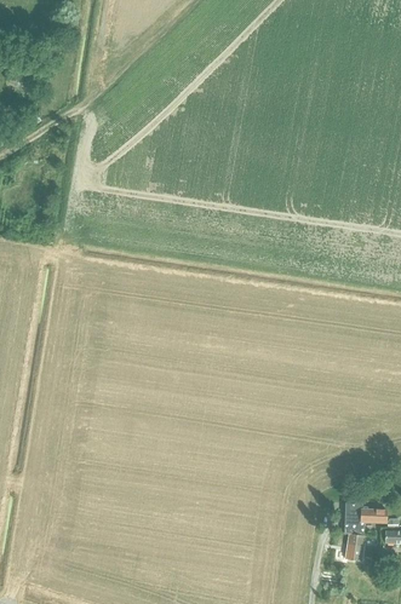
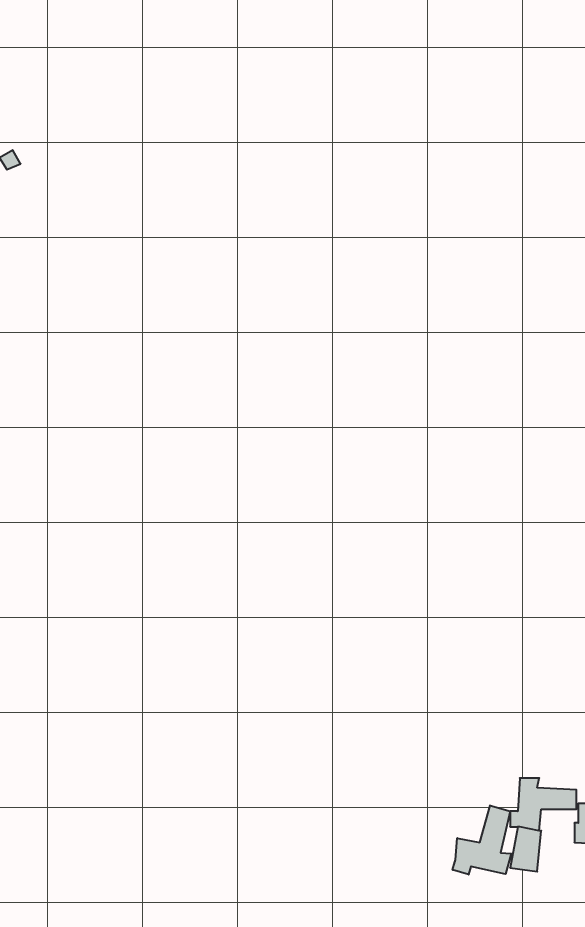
building: none -> [453,805,511,875]

